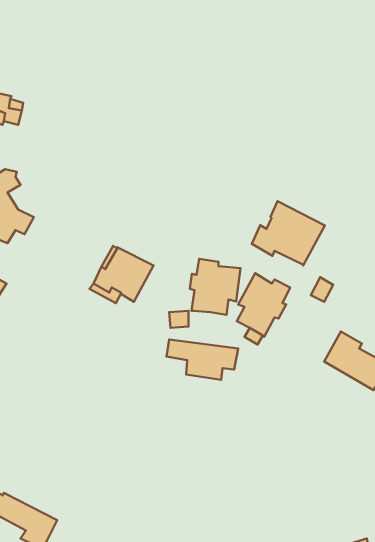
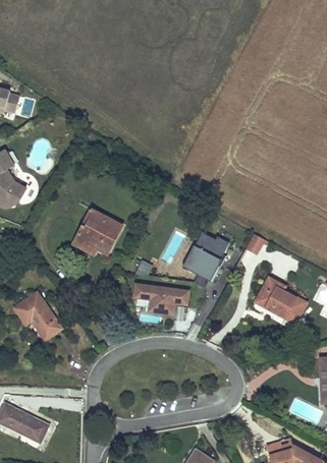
building: [252,201,325,266] -> none
building: [190,259,241,315] -> none
building: none -> [14,292,61,339]

